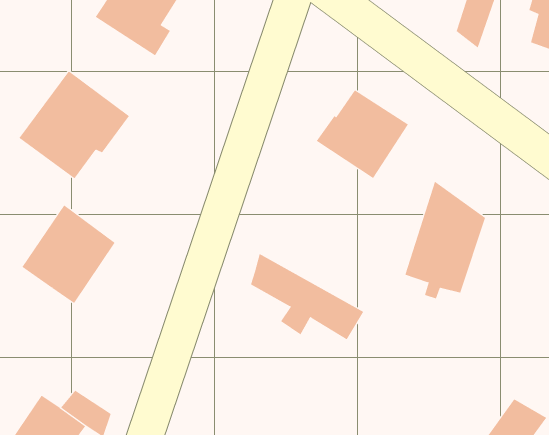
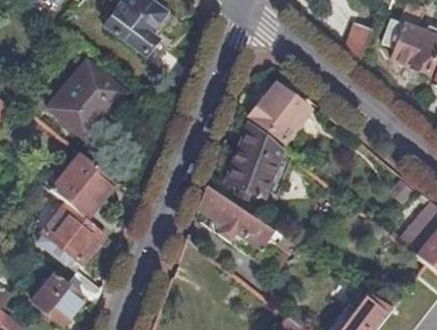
building: [404,181,486,299] -> [225,121,281,200]
building: none -> [43,203,104,263]

